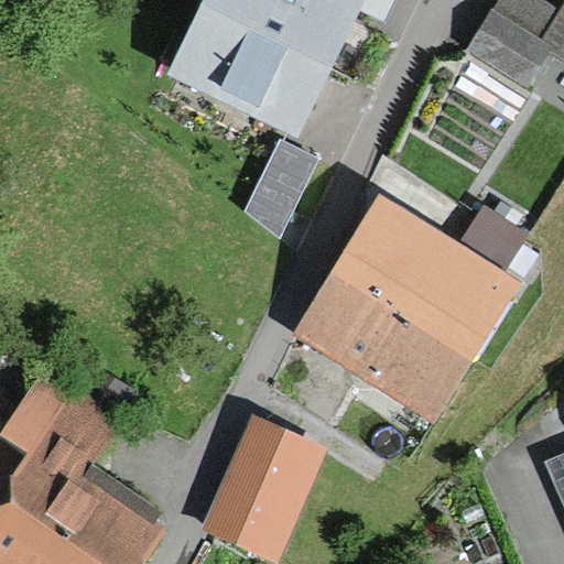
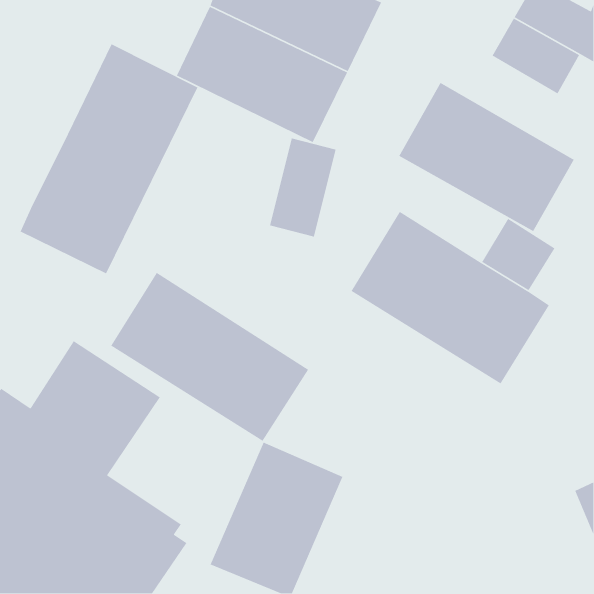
building: none -> [20,43,199,275]
building: none -> [398,82,575,232]
building: none -> [110,272,309,442]
building: [290,275,474,429] -> none

